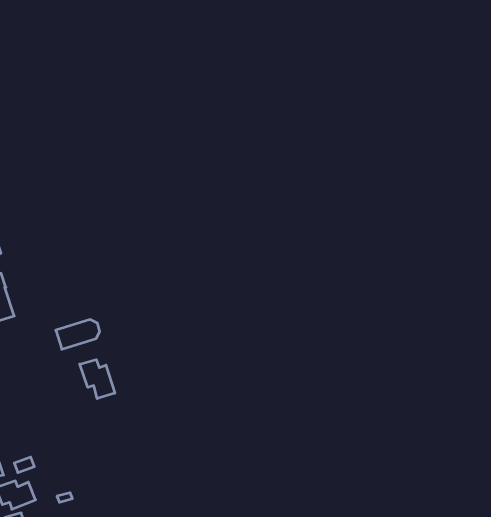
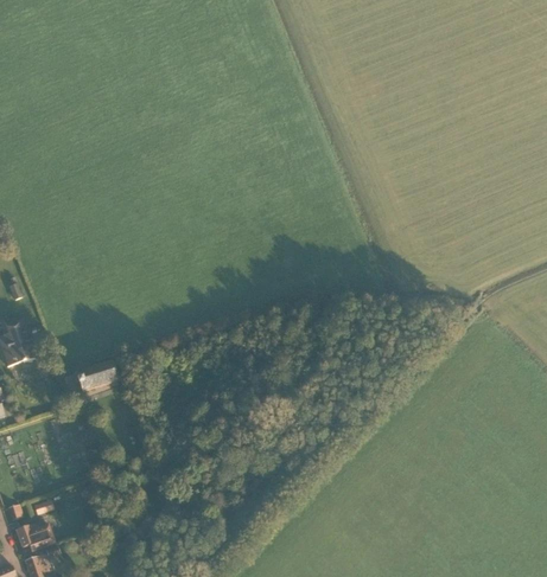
building: [80,360,115,399] -> none

